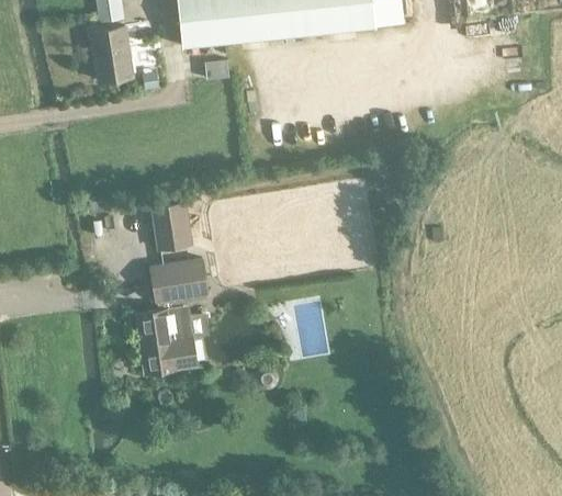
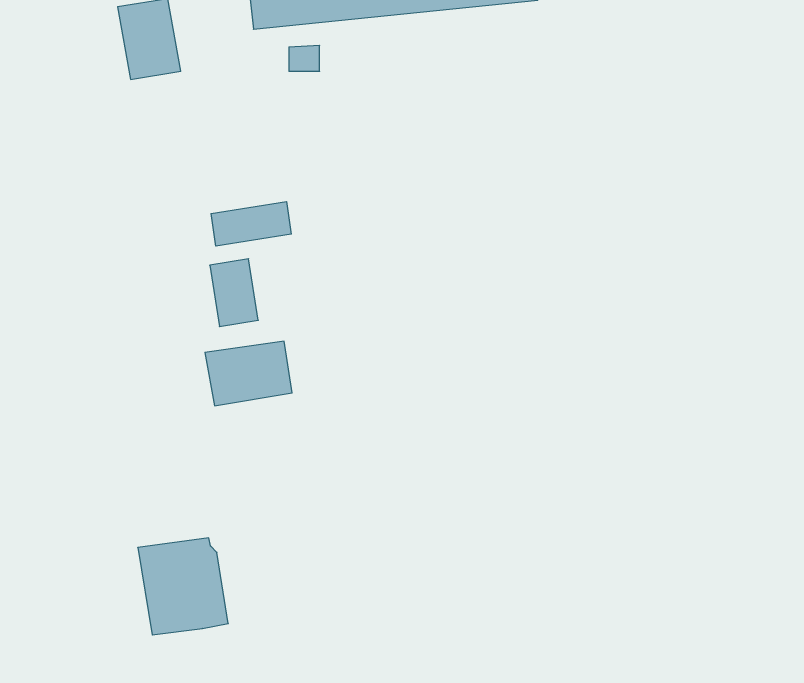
building: none -> [211,202,291,246]
building: [136,307,198,373] -> [138,538,228,635]

